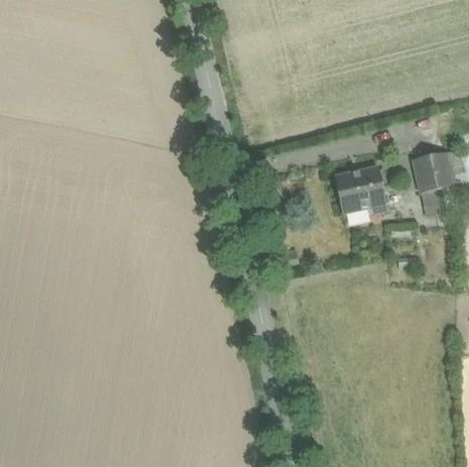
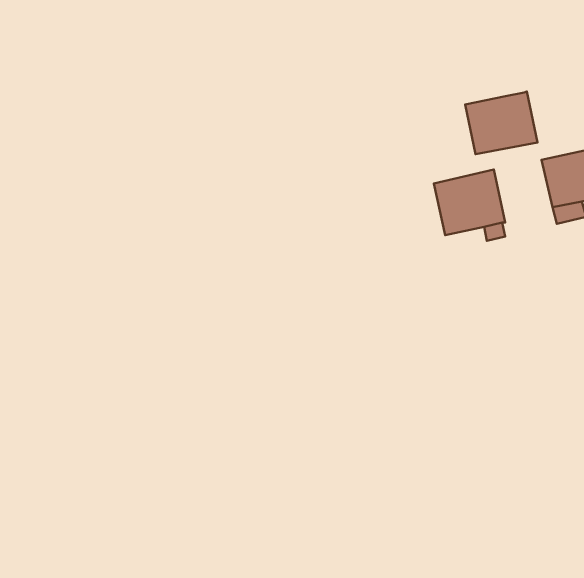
building: none -> [465,91,537,154]

